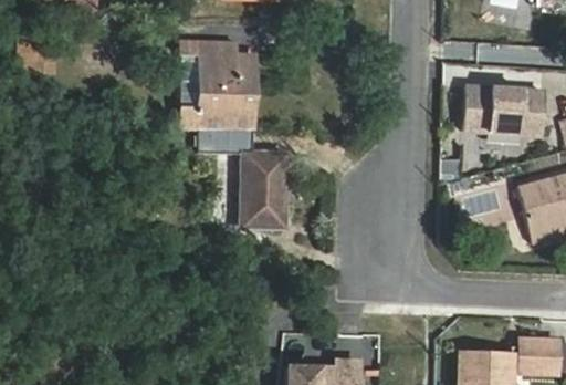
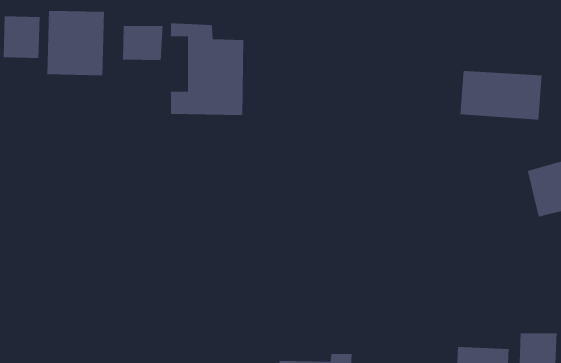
building: none -> [46,10,105,76]
building: none -> [122,25,164,61]
building: [198,129,289,227] -> none

